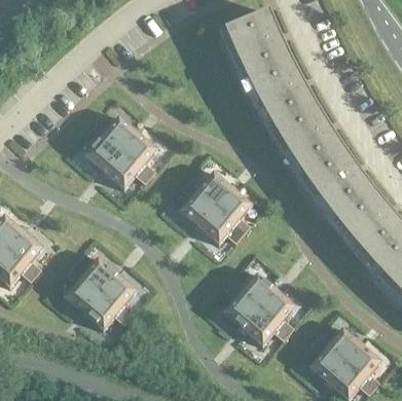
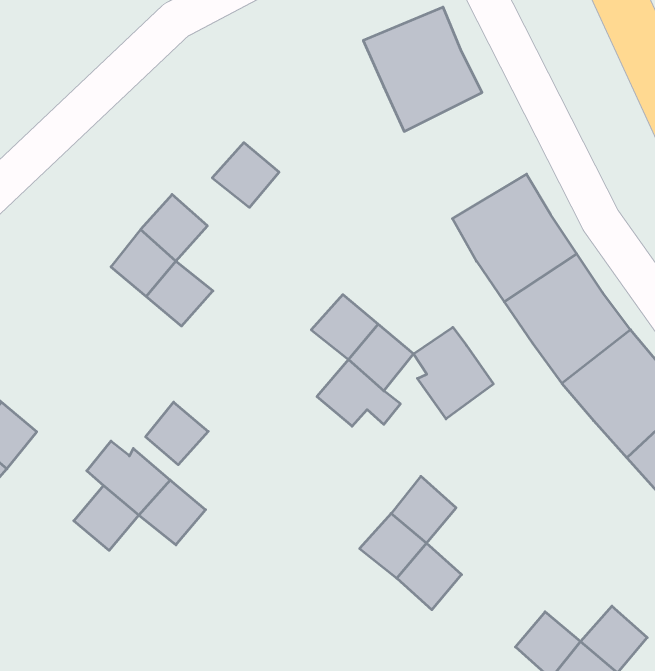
building: [248,60,316,130] -> none
building: [121,134,158,170] -> [212,143,279,207]
building: none -> [413,327,493,419]
building: [180,191,217,228] -> none
building: none -> [146,402,208,465]
building: [260,290,297,327] -> none
building: [84,294,121,331] -> none
building: [326,328,363,364] -> none

